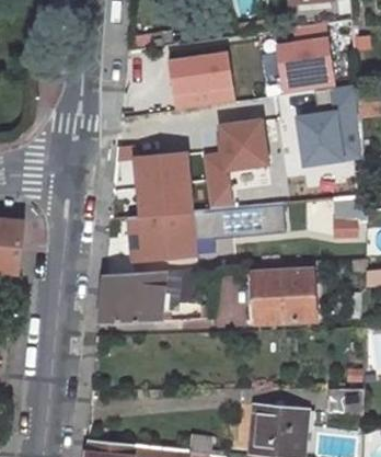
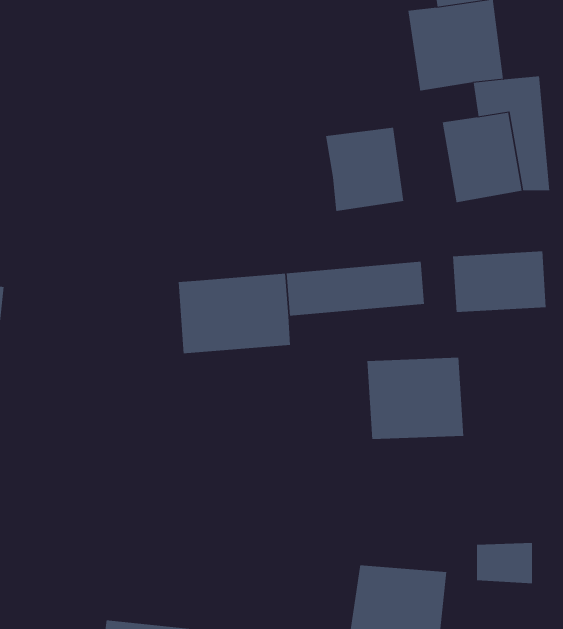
building: [172,52,240,111] -> none
building: [139,152,199,218] -> none
building: [205,152,236,212] -> none
building: [99,272,169,324] -> none

